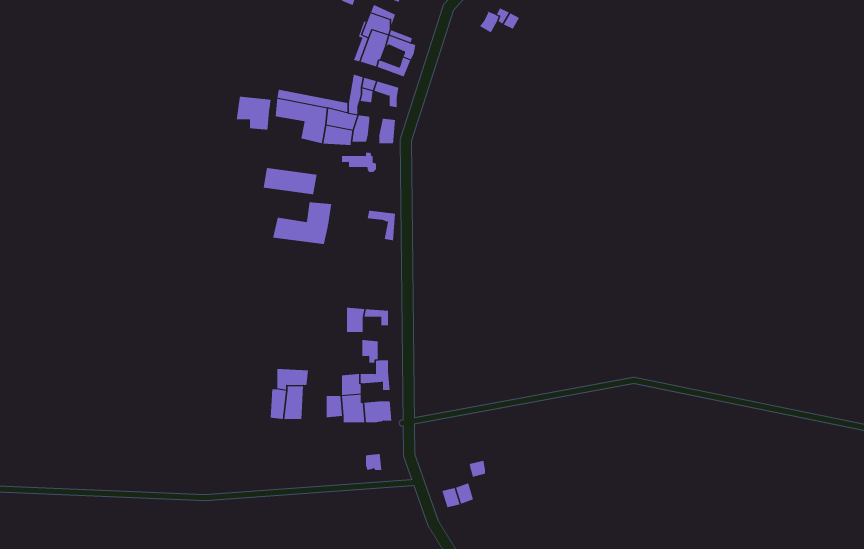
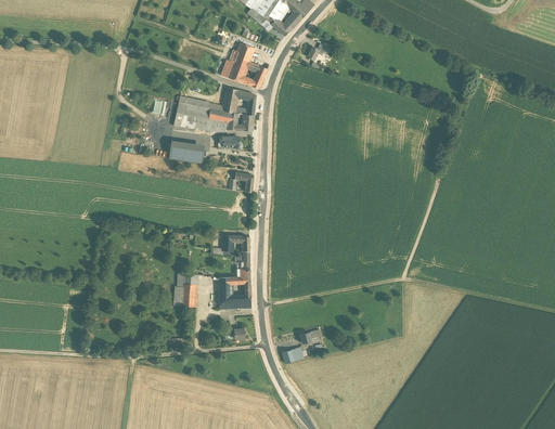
building: [273,201,332,245] -> none

